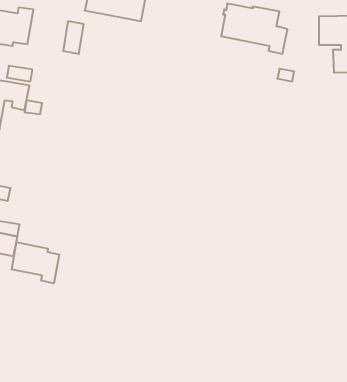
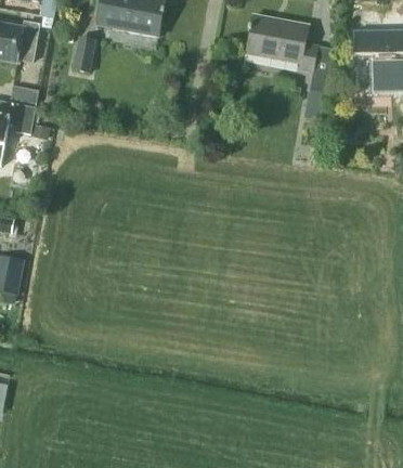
building: [12,242,59,283] -> none

